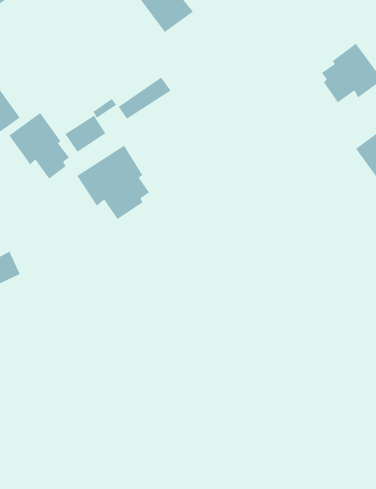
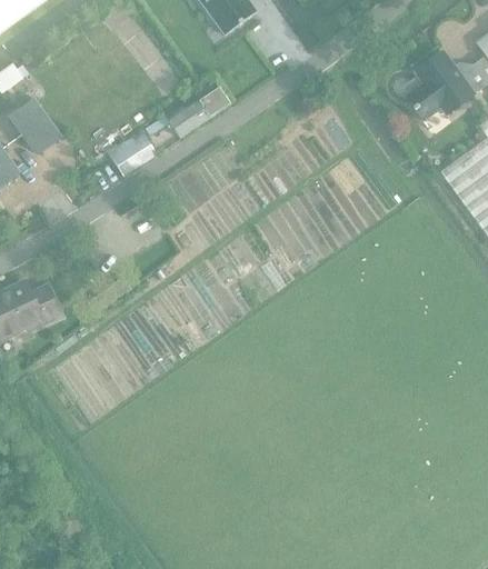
building: [8,112,70,179] -> none
building: [77,145,150,220] -> none

